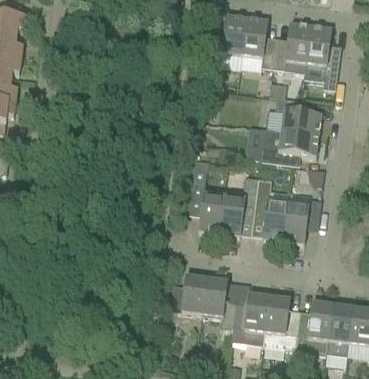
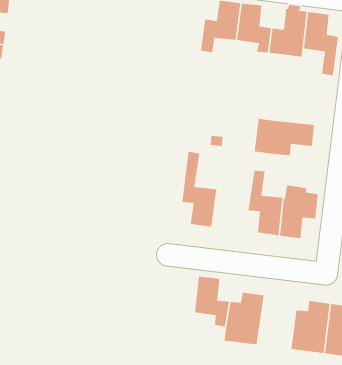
building: [276,97,320,134] -> none
building: [219,176,259,234] -> none
building: [170,275,206,313] -> none
building: [262,296,299,348] -> none

